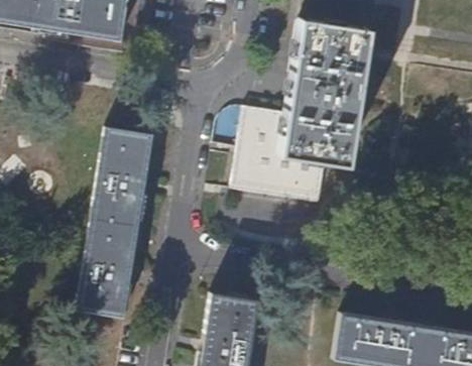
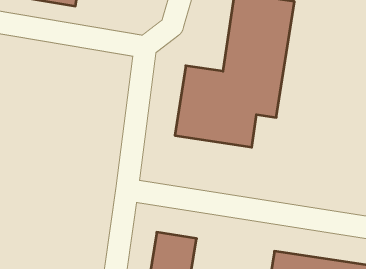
building: [77,128,154,318] -> none

